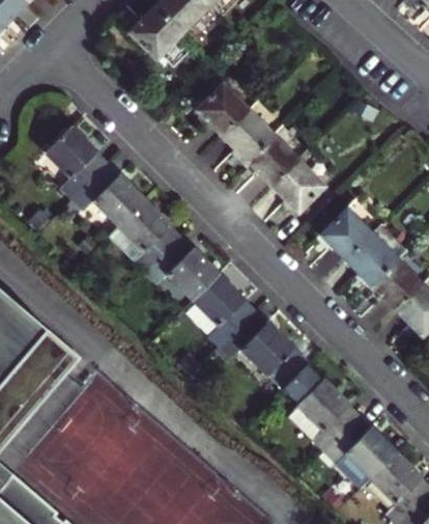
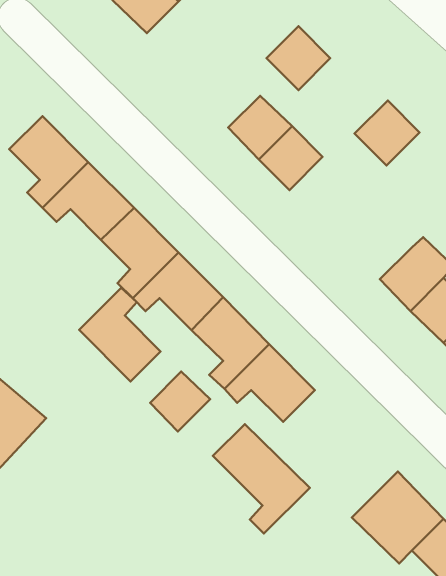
building: [196,82,248,134] -> [267,26,330,90]
building: [271,158,324,211] -> [355,100,420,165]
building: [320,206,371,257] -> none
building: none -> [79,288,161,381]
building: none -> [150,372,210,432]
building: [281,362,360,451] -> [213,424,310,534]

